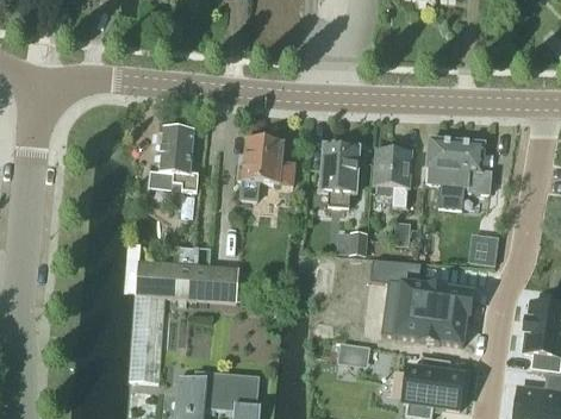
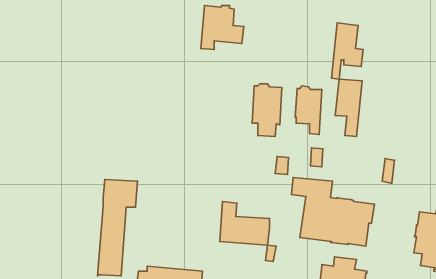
building: [145,129,198,190] -> none
building: [241,136,294,190] -> [201,5,244,49]
building: [450,138,490,208] -> [331,23,363,79]
building: [175,245,237,300] -> [220,201,269,245]

